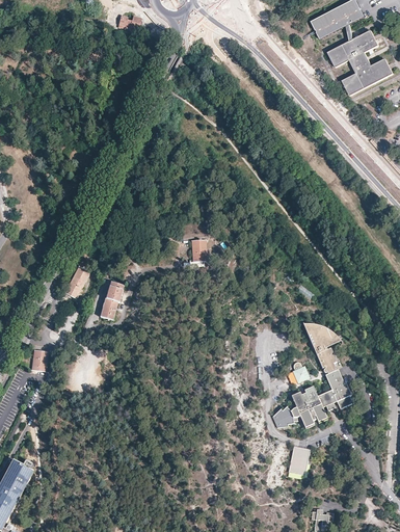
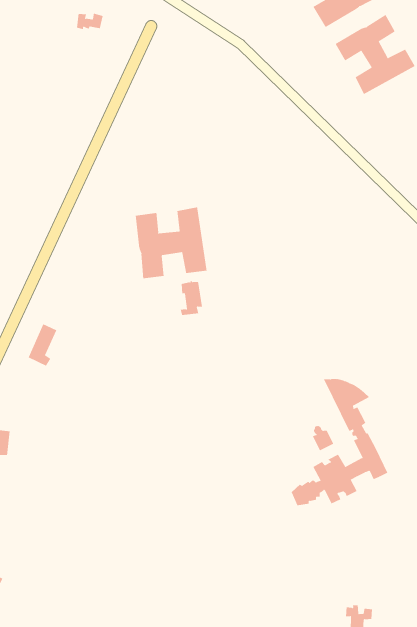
building: none -> [135,206,207,279]
building: [99,281,125,319] -> none
building: [288,445,310,474] -> none

